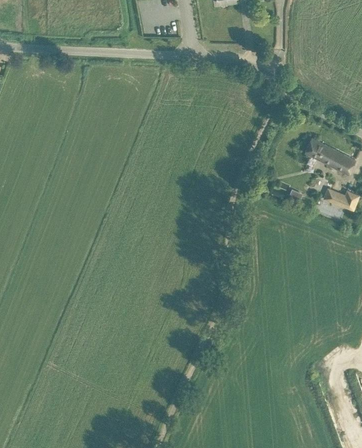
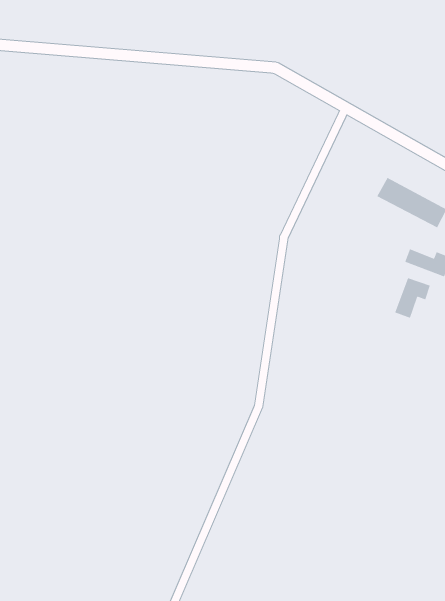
building: none -> [394,277,431,319]

